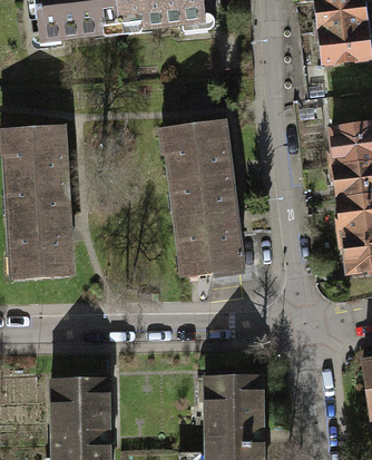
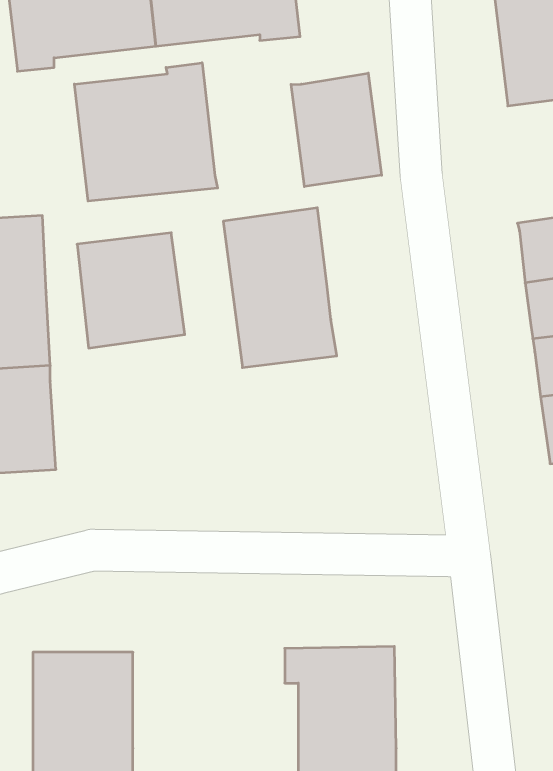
building: none -> [74,63,218,201]
building: none -> [291,73,382,187]
building: [174,208,236,275] -> [77,233,185,348]

